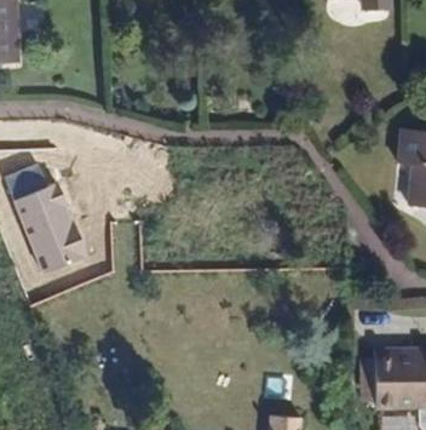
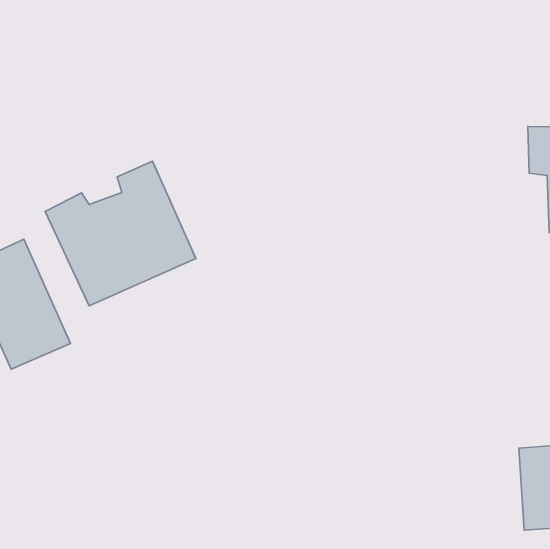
building: none -> [45,161,196,306]

